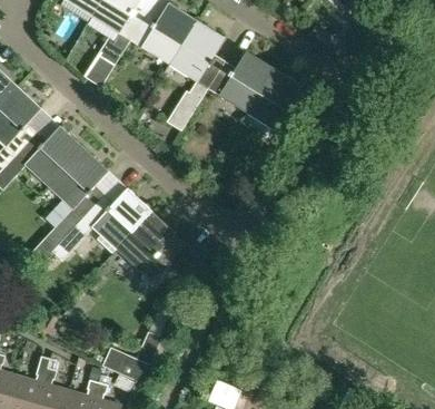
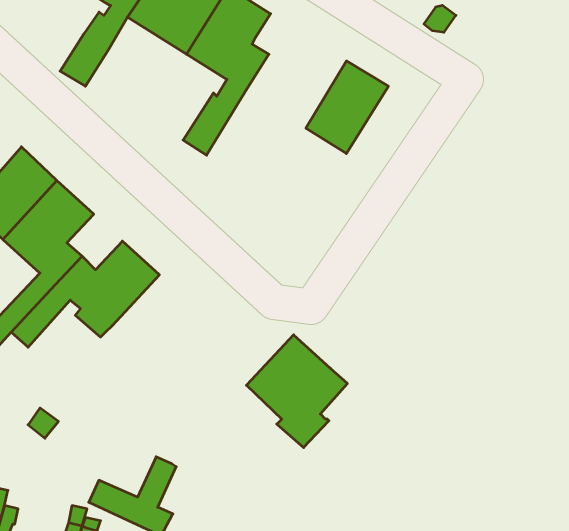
building: [207,52,274,115] -> none
building: [119,212,186,286] -> [246,335,347,448]

